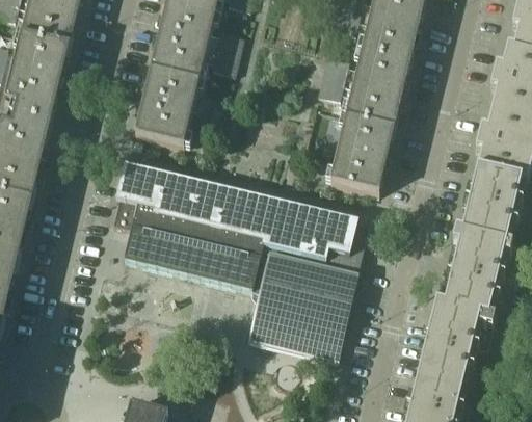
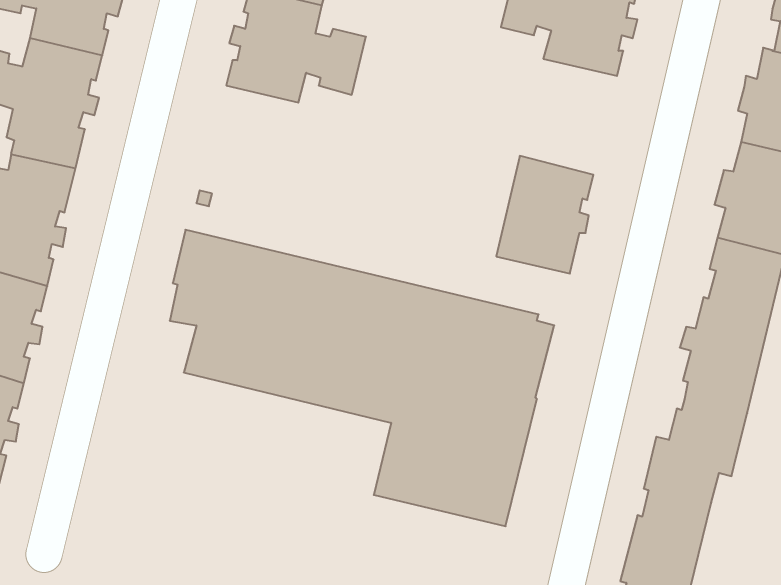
building: [317,49,409,126] -> none
building: [134,67,198,144] -> none

